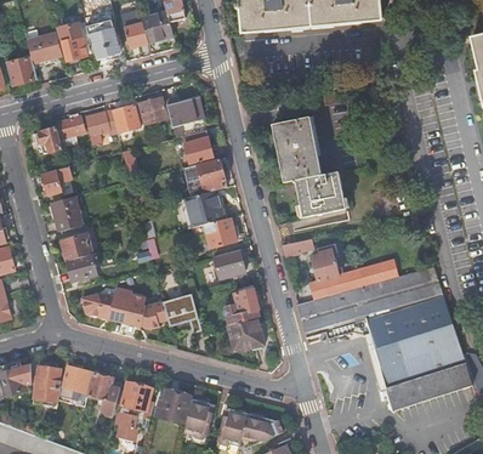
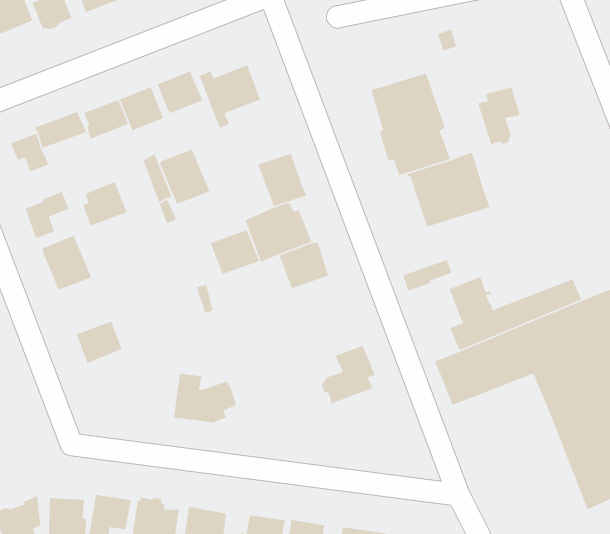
building: [182,129,214,164] -> [159,149,210,205]
building: none -> [477,87,521,146]
building: [63,232,92,260] -> [82,181,128,226]
building: [212,249,244,277] -> [209,229,260,275]
building: [81,286,131,322] -> none
building: [164,301,191,334] -> none
building: [227,317,263,351] -> none

